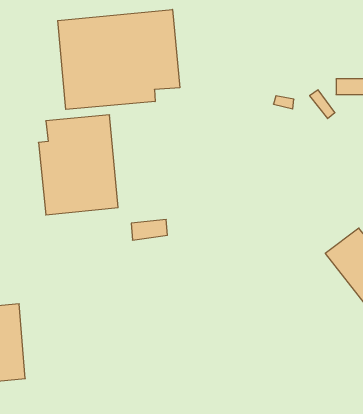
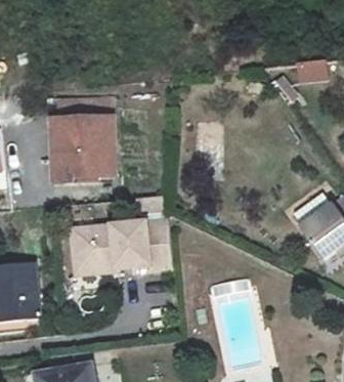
building: [58,9,180,109] -> none
building: none -> [68,216,167,269]

